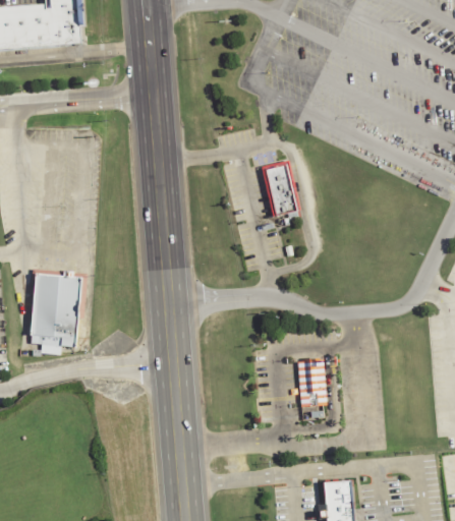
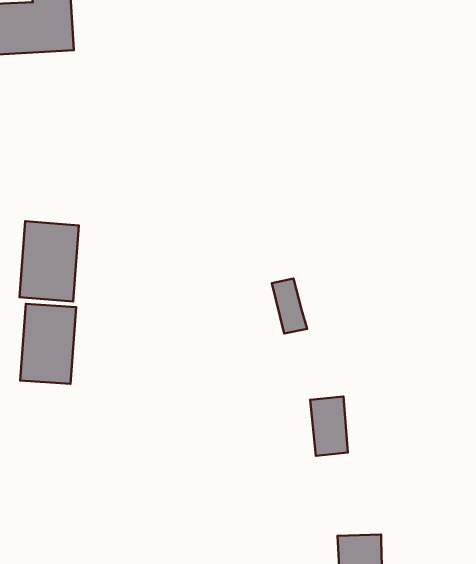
building: [265,164,296,213] -> [272,279,307,333]
building: none -> [19,221,79,301]

